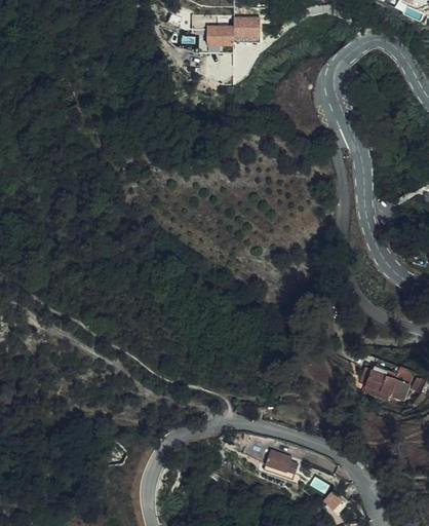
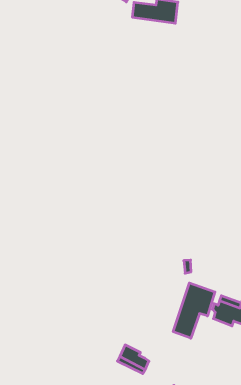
building: none -> [173,283,215,338]

